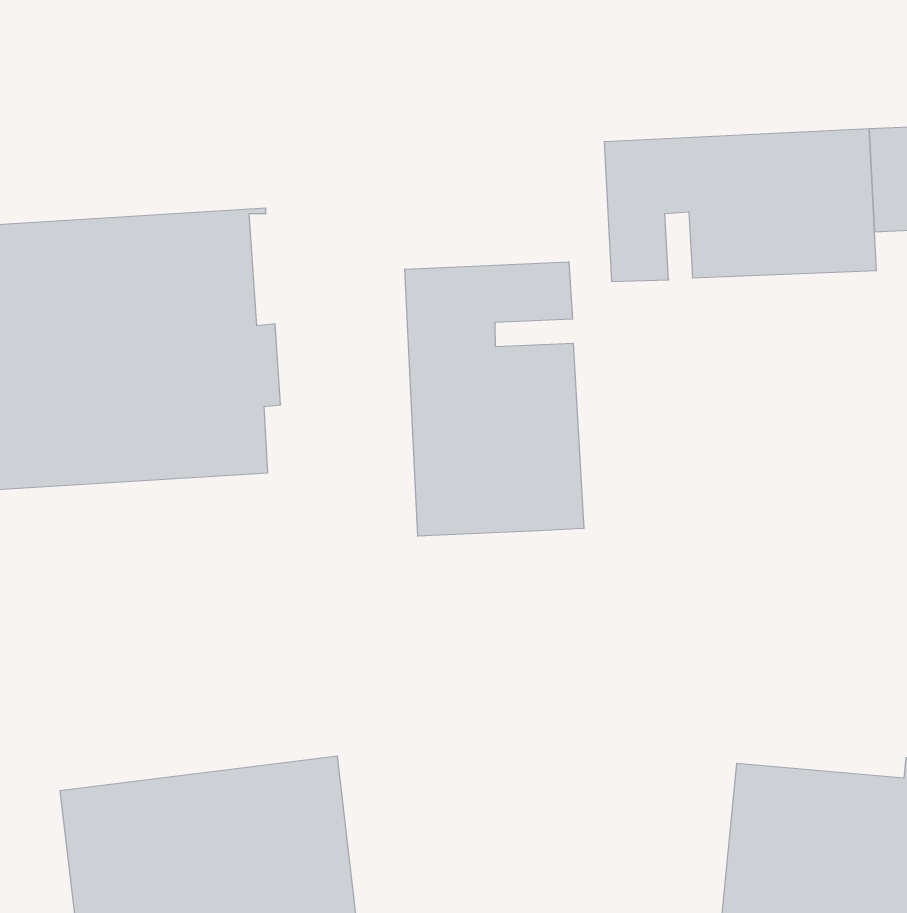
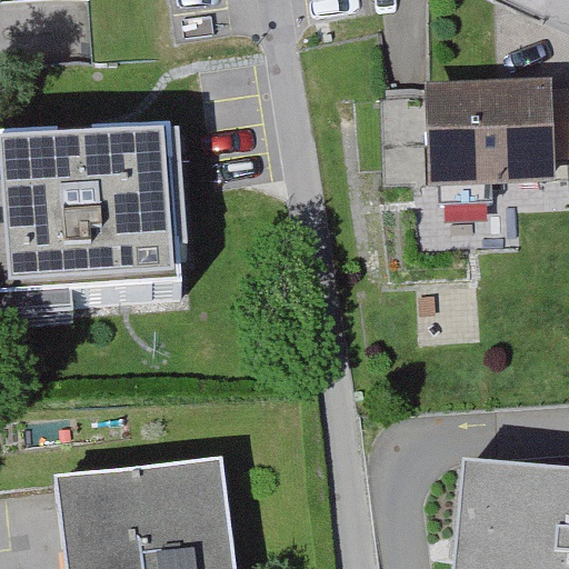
building: [405,262,584,536] -> none

